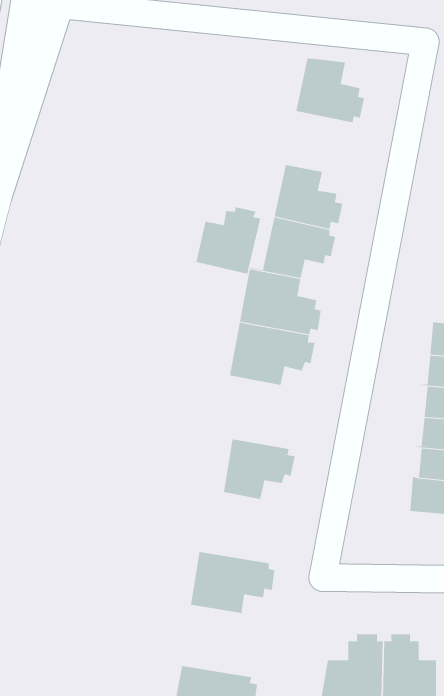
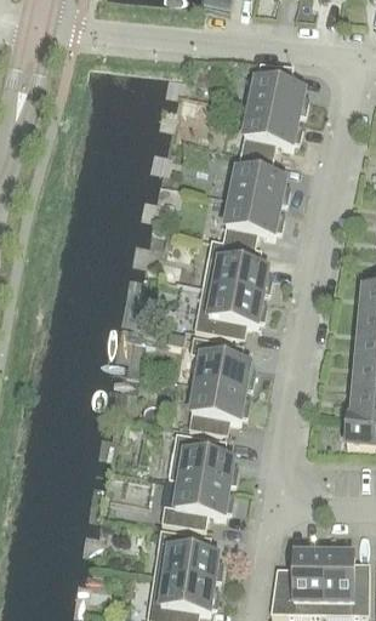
building: none -> [241,107,302,158]
building: [196,207,261,275] -> none
building: none -> [190,335,255,391]
building: none -> [169,432,238,486]
building: none -> [154,528,223,582]

